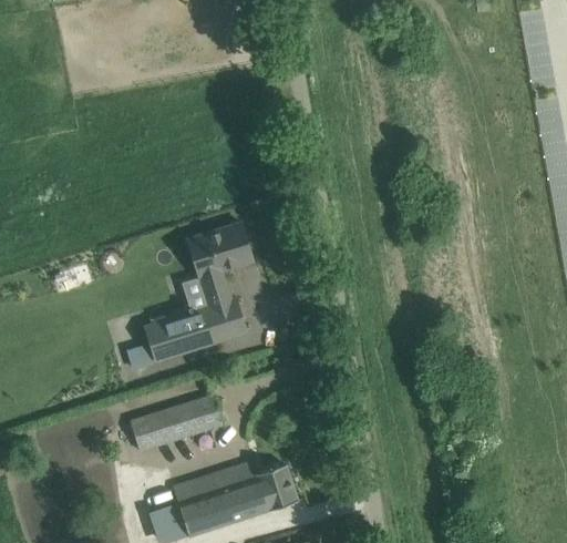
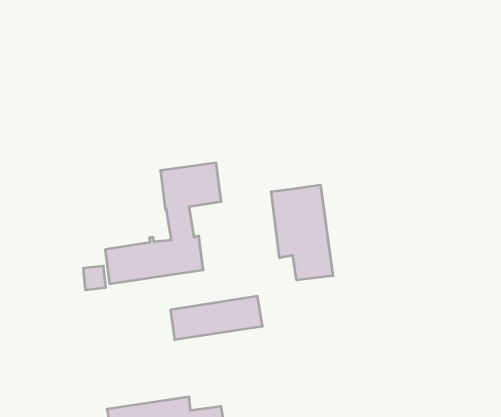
building: none -> [271,185,333,280]
building: [130,395,224,451] -> [171,296,263,340]

